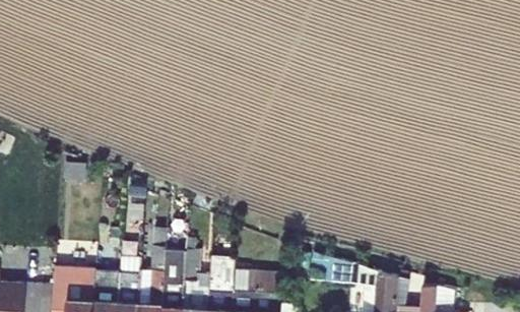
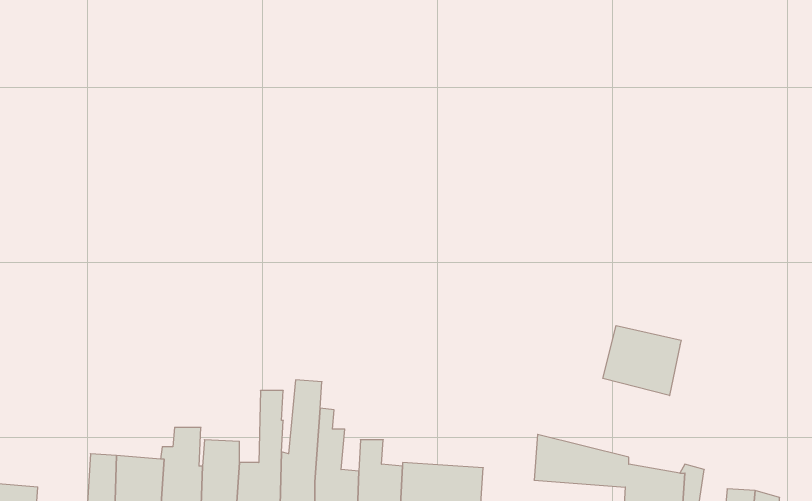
building: none -> [603,326,681,396]

